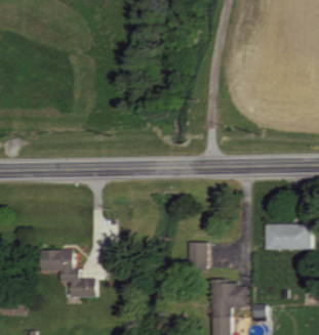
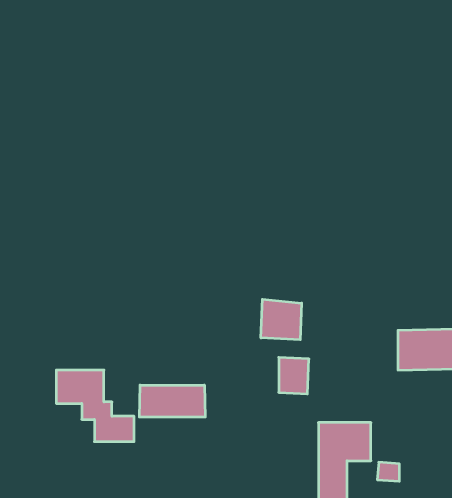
building: none -> [261,299,302,340]
building: none -> [139,385,205,417]

